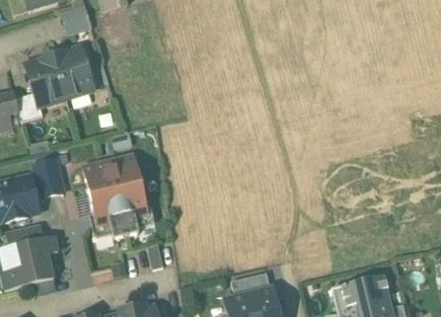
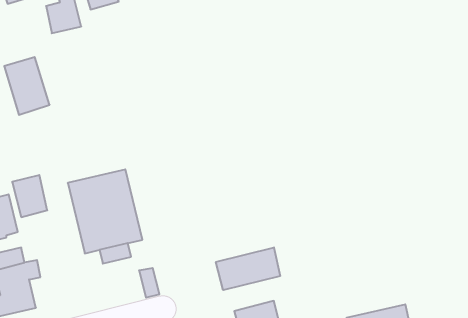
building: [53,48,93,97] -> none
building: none -> [216,247,280,290]

